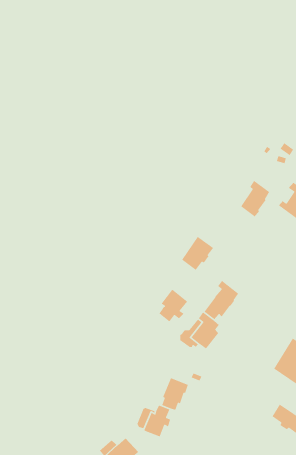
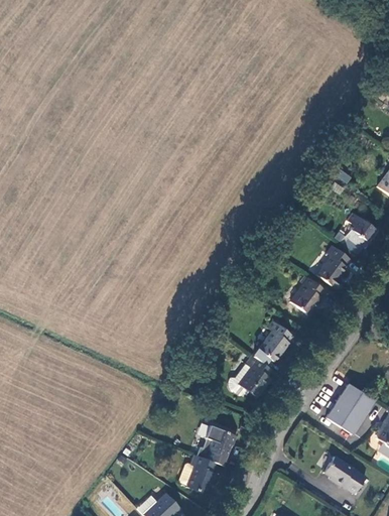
building: [240,180,270,218] -> [315,245,349,286]
building: [181,236,214,271] -> [288,278,325,316]
building: [158,289,188,323] -> none

